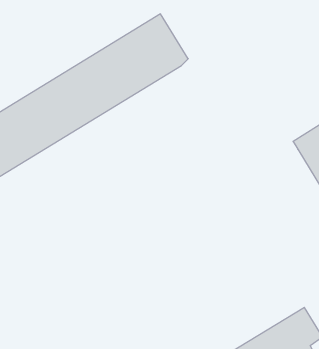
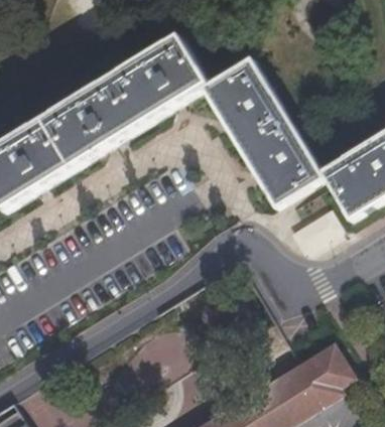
building: none -> [204,58,327,209]

